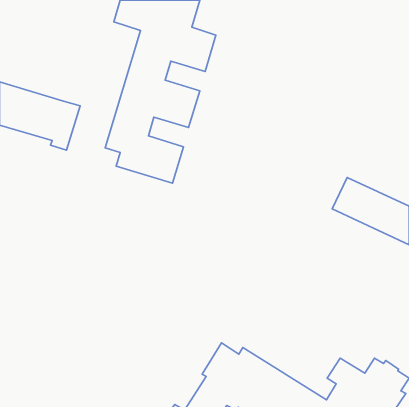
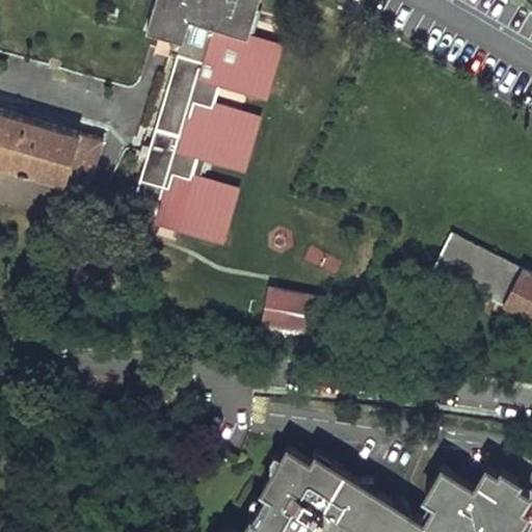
building: none -> [263,290,320,337]

